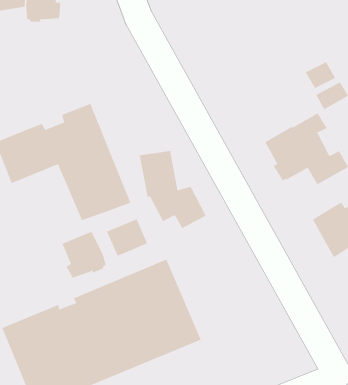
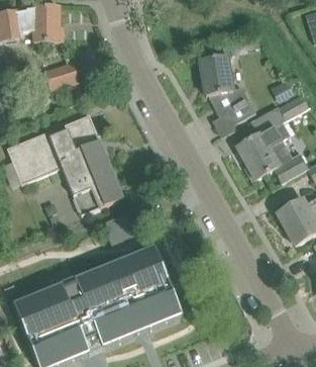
building: none -> [44,62,79,90]
building: [139,150,207,229] -> [199,55,256,121]
building: [62,231,106,279] -> none

